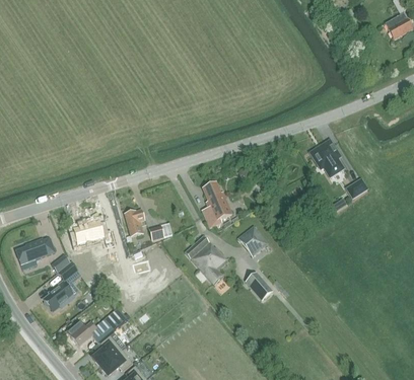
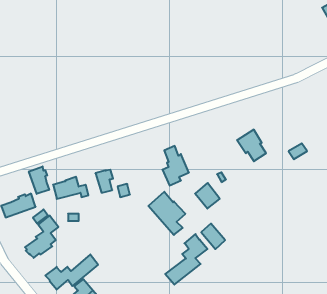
building: [310,140,344,176] -> [237,130,266,161]
building: none -> [29,166,49,194]
building: none -> [165,234,207,285]

